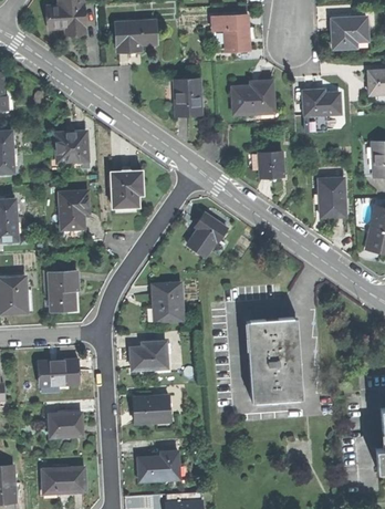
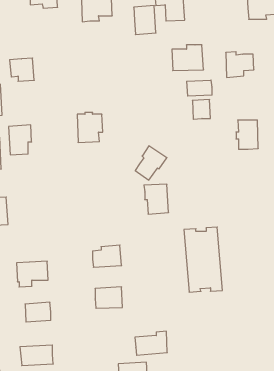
building: [175,77,204,115] -> [134,6,156,35]
building: none -> [187,80,212,96]
building: [56,132,89,162] -> [10,58,34,81]
building: [60,190,90,229] -> [9,125,32,155]
building: [43,272,73,312] -> none
building: [153,282,185,321] -> [144,184,169,214]
building: [138,449,180,480] -> [135,331,167,355]

